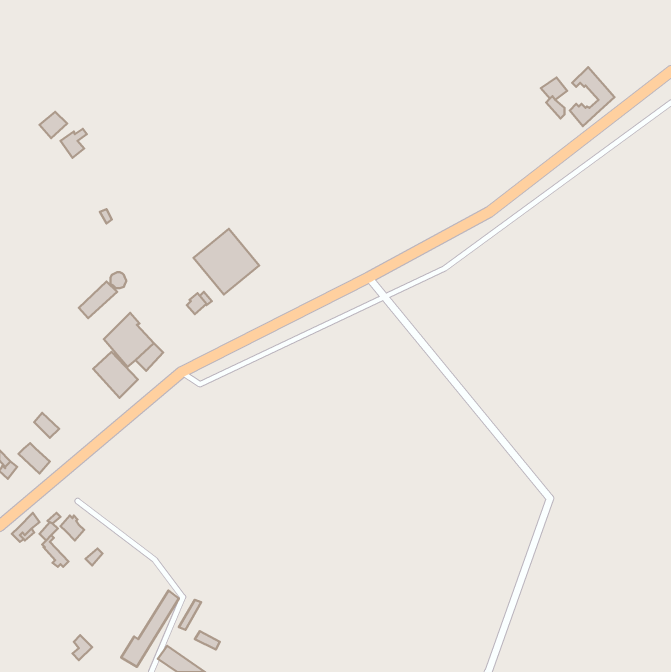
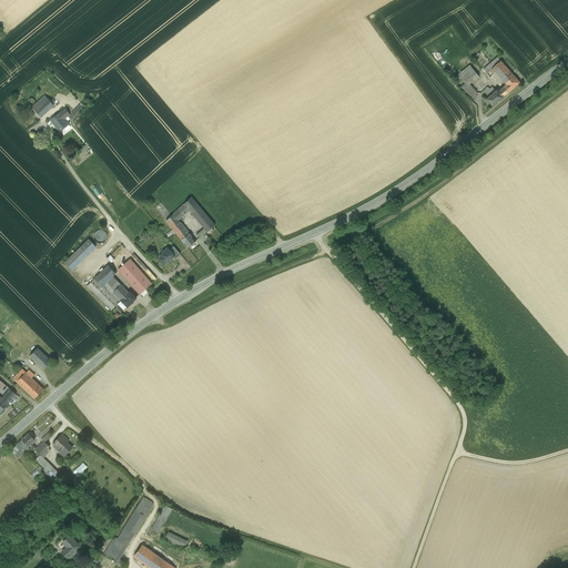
building: [93,352,138,398] -> [119,254,156,293]

